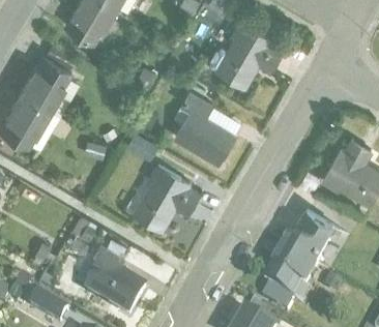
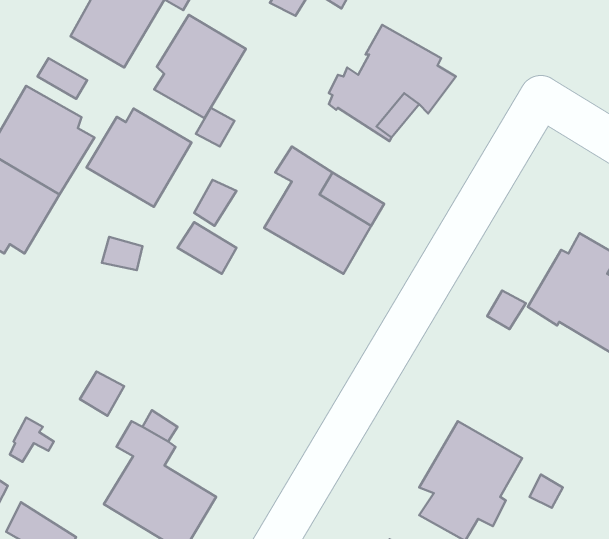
building: none -> [154,15,246,118]
building: none -> [87,109,192,207]
building: [130,159,200,229] -> none
building: [282,204,333,262] -> none

